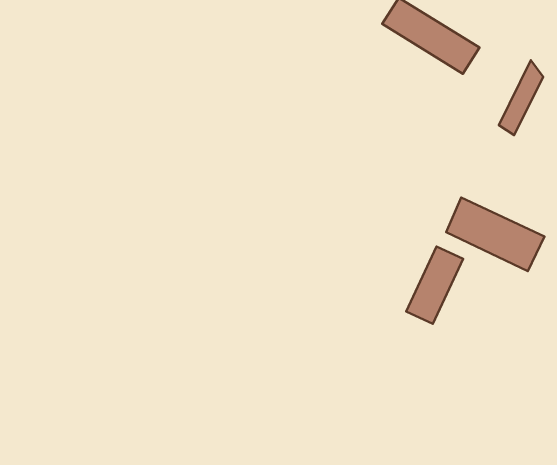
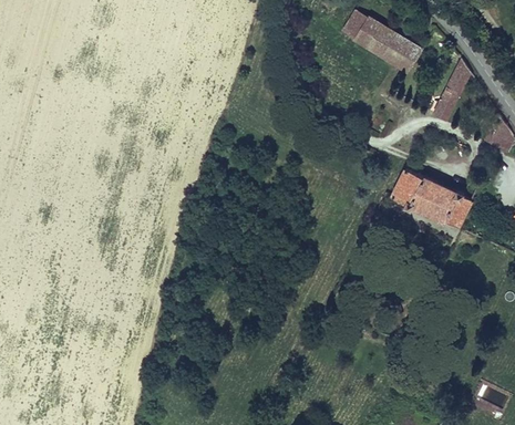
building: [406,247,463,324] -> none

